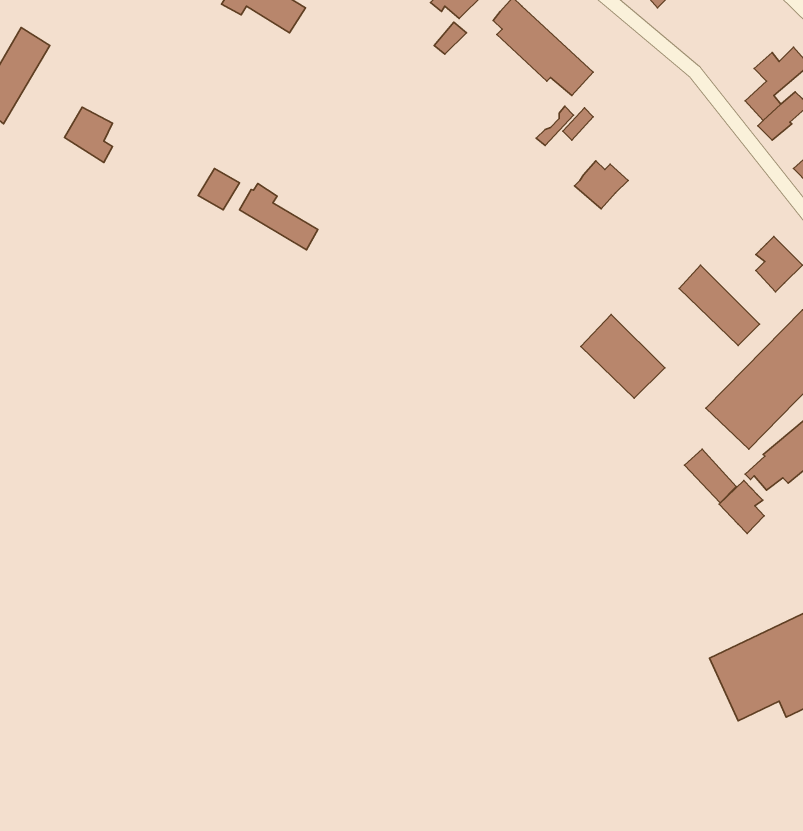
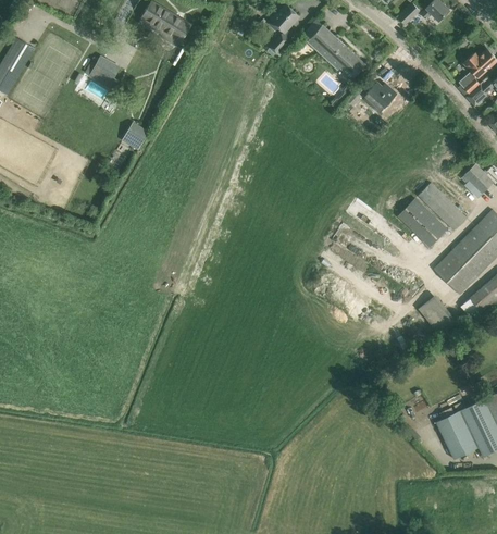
building: [64,107,113,163] -> [90,57,120,90]
building: [574,161,628,209] -> [363,82,396,111]
building: [240,183,318,250] -> none
building: [581,314,665,398] -> [397,197,448,248]
building: [719,481,764,534] -> none

